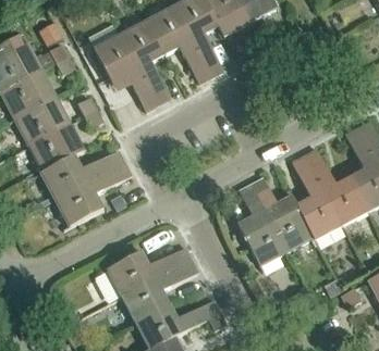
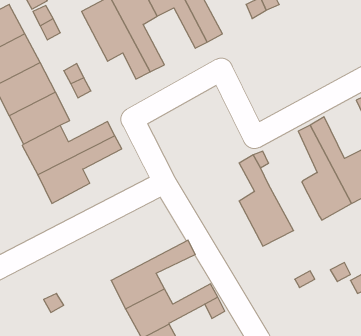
building: [266,193,313,249] -> none
building: [106,245,192,294] -> none

